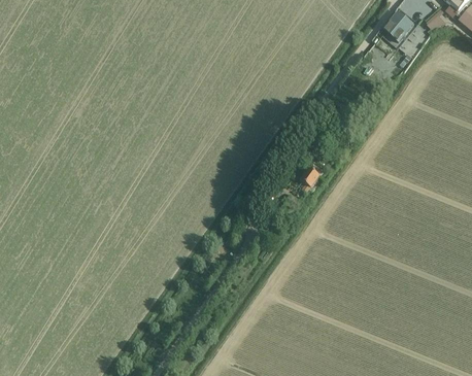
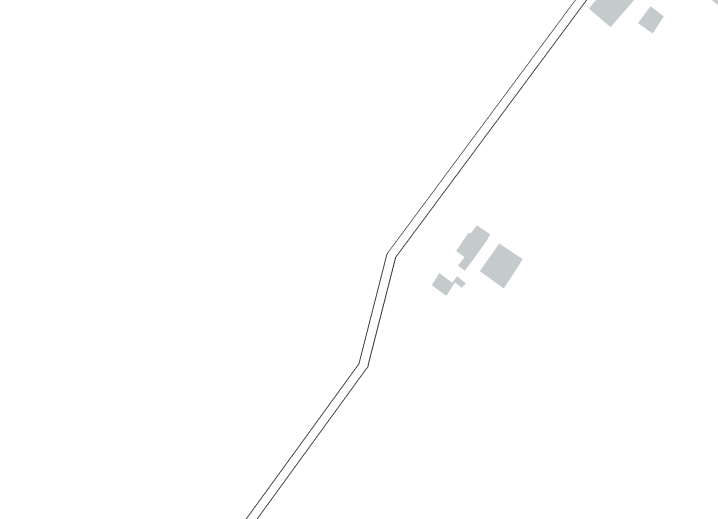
building: none -> [479,242,524,289]

